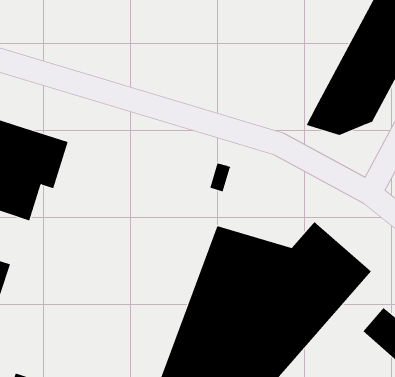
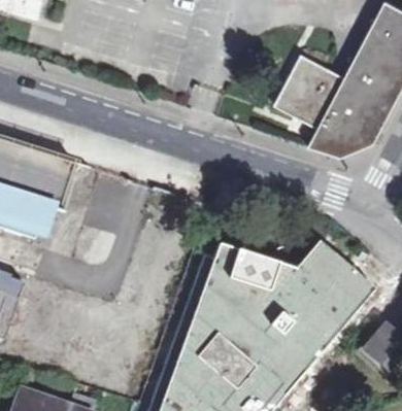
building: none -> [276,54,344,128]

